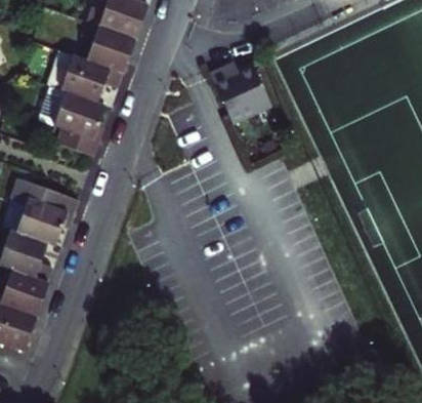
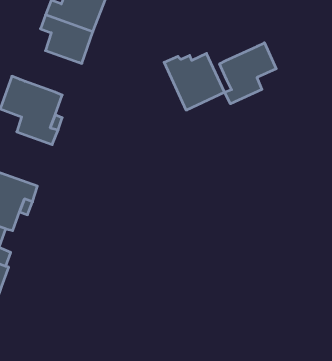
building: [47,48,122,100] -> none
building: none -> [220,43,276,104]

